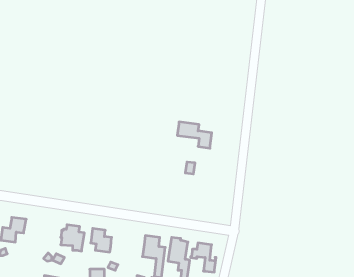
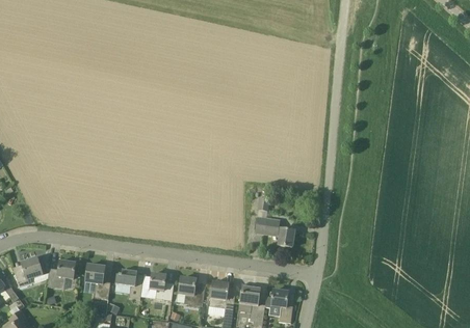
building: [177,122,212,148] -> [255,216,294,246]
building: none -> [85,264,110,298]
building: none -> [179,276,205,306]

